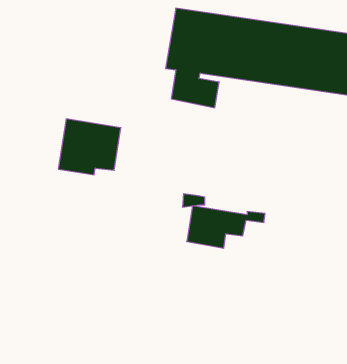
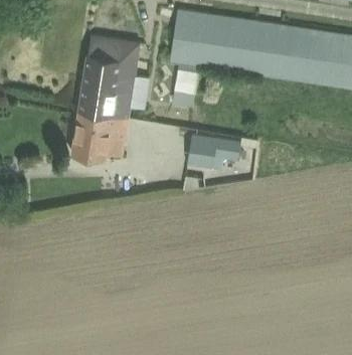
building: none -> [79,35,140,117]
building: [187,206,265,248] -> [187,133,257,171]

